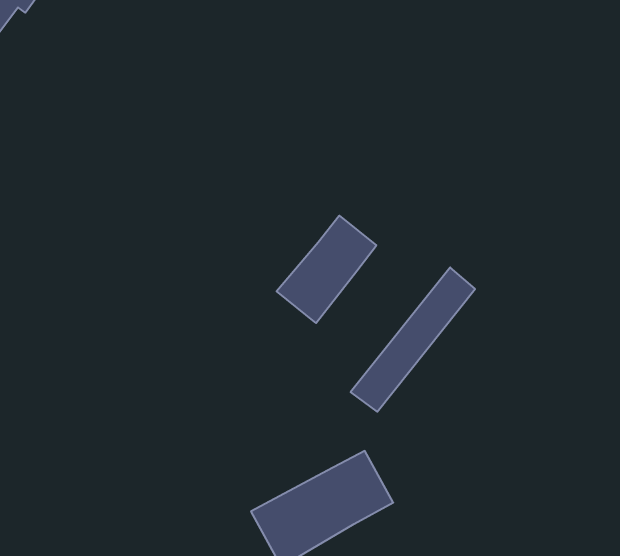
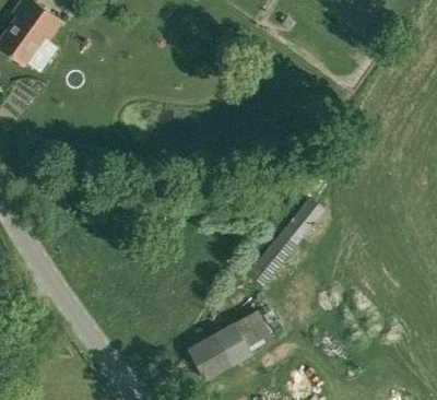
building: [277,216,376,323] -> none

